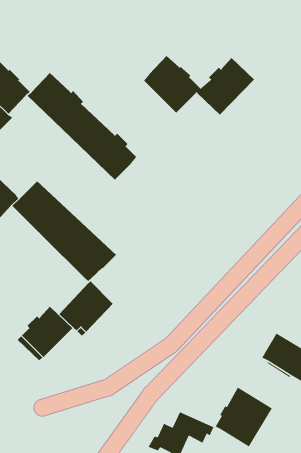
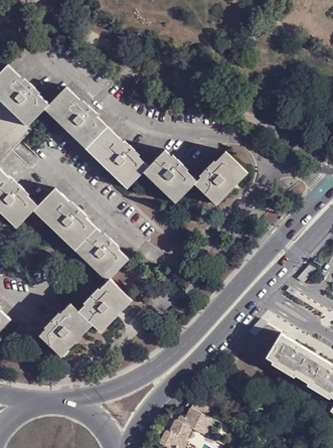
building: [143,55,255,116] -> [144,148,249,205]
building: [215,387,273,447] -> none

